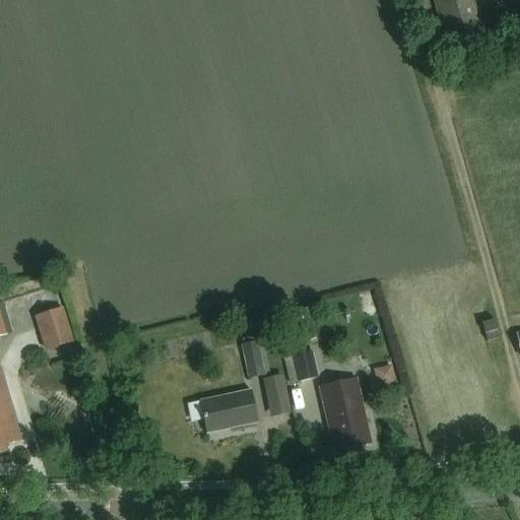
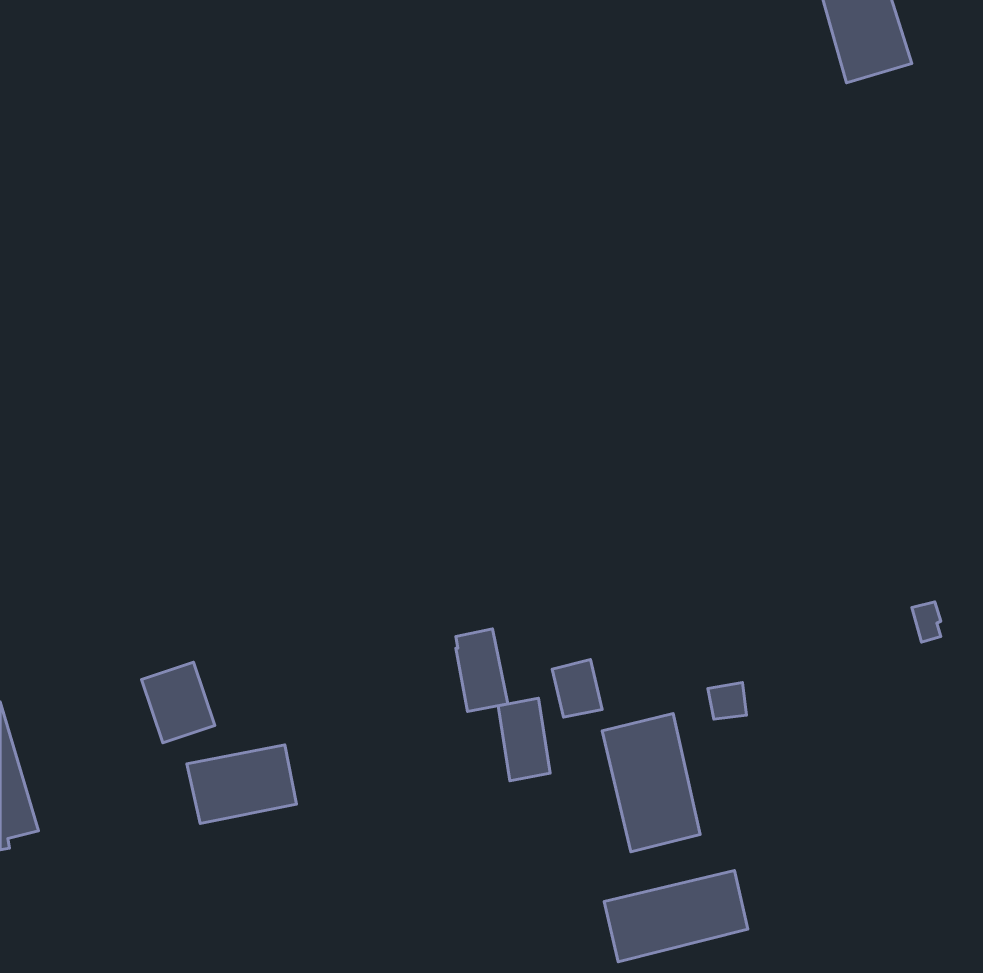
building: [35,305,73,347] -> [142,662,215,743]
building: [199,389,257,431] -> [187,745,296,824]
building: none -> [604,870,748,962]

